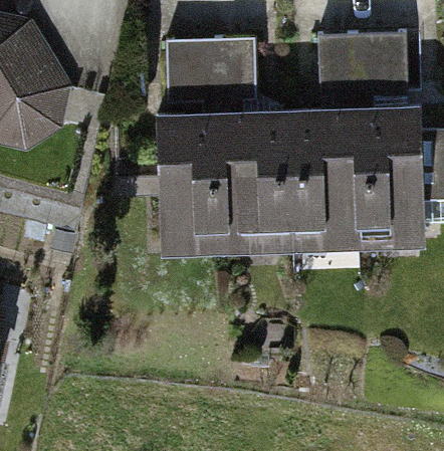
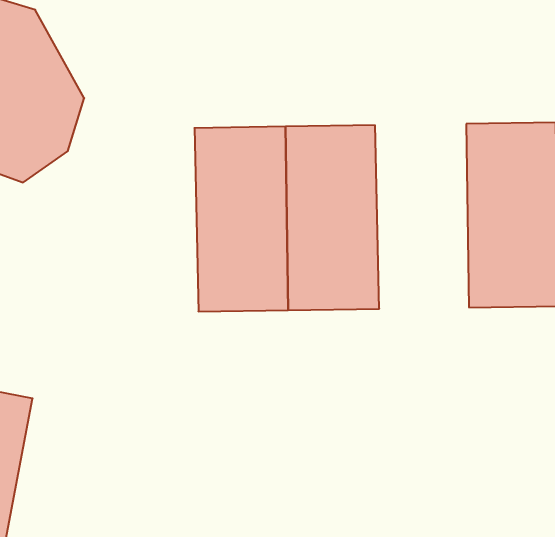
building: [161,35,254,104] -> none
building: [312,36,406,97] -> none
building: [287,109,357,246] -> none

